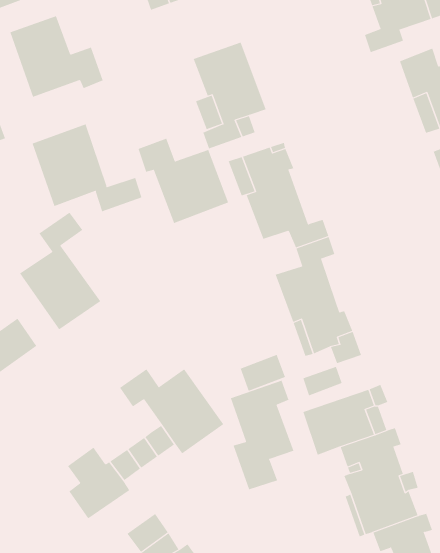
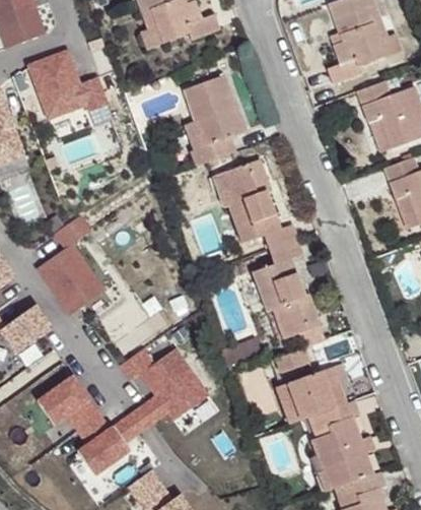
building: [32,124,142,212] -> none
building: [138,138,229,224] -> none
building: [230,380,294,490] -> none
building: none -> [38,378,99,432]

